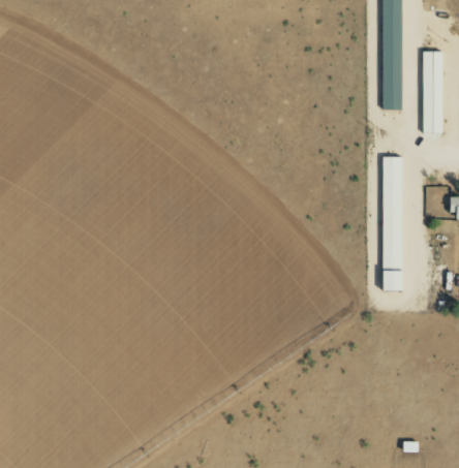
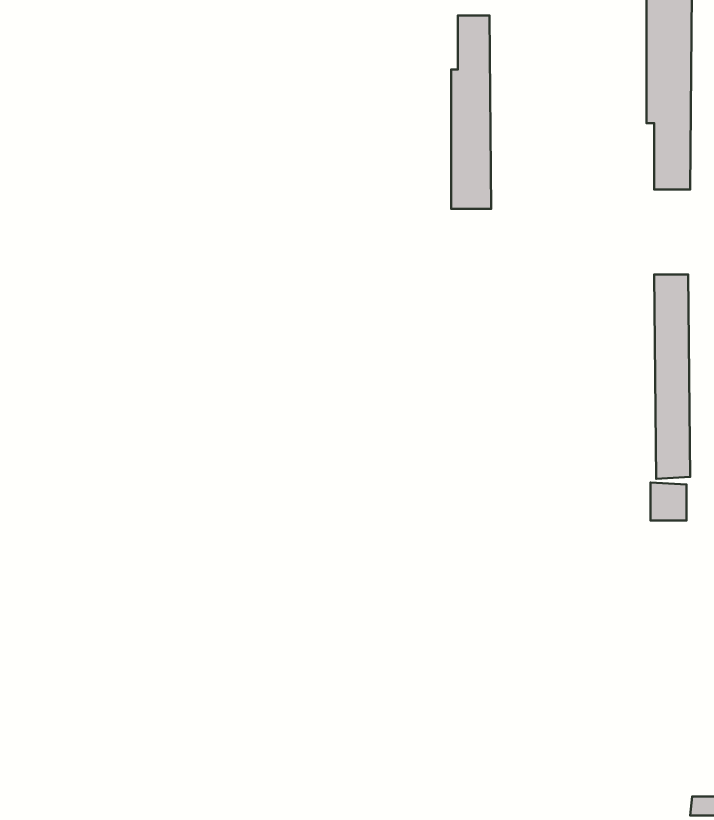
building: none -> [451,15,491,209]

